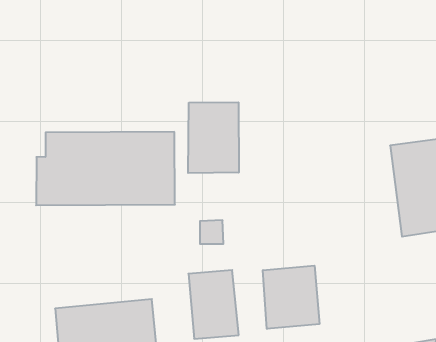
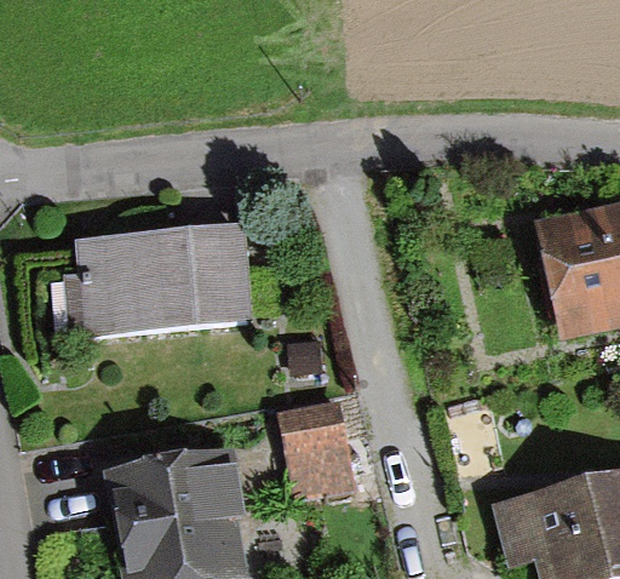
building: [188,102,239,173] -> none
building: [263,266,319,329] -> none

